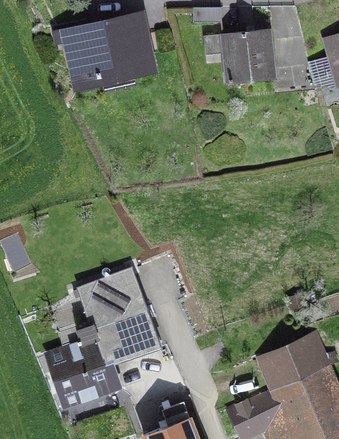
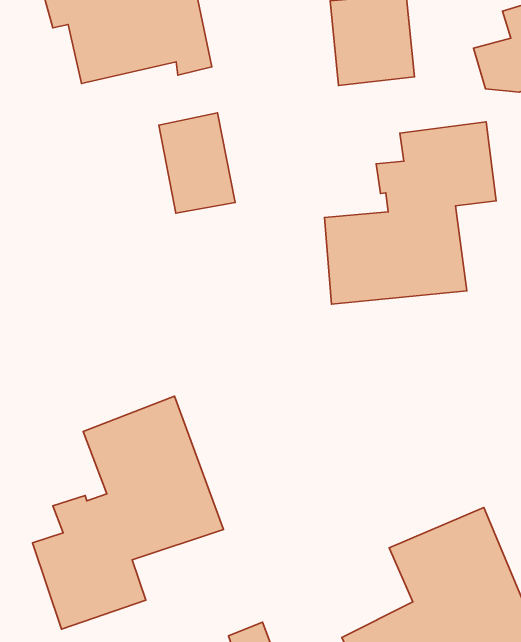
building: none -> [159,113,235,213]
building: none -> [325,122,496,304]

